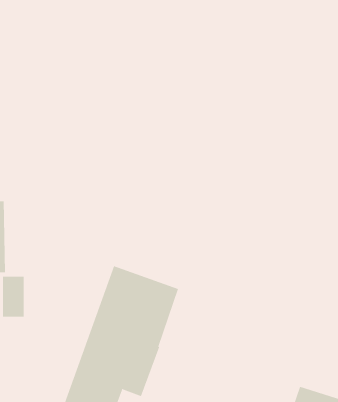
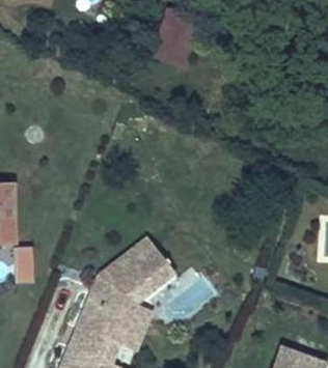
building: none -> [153,11,197,66]

